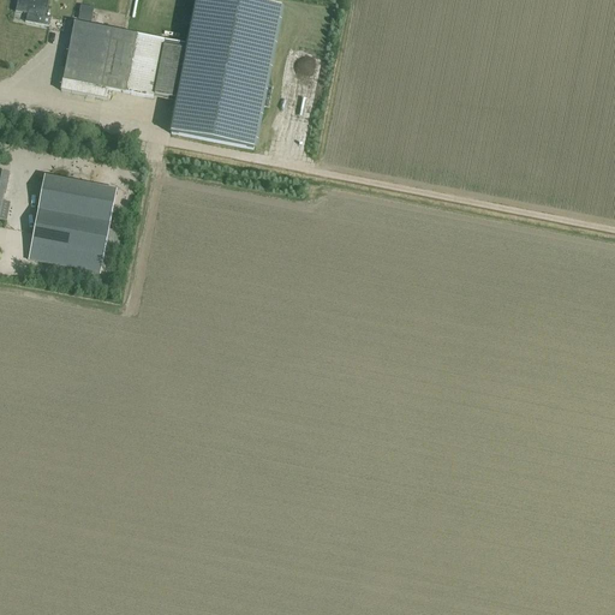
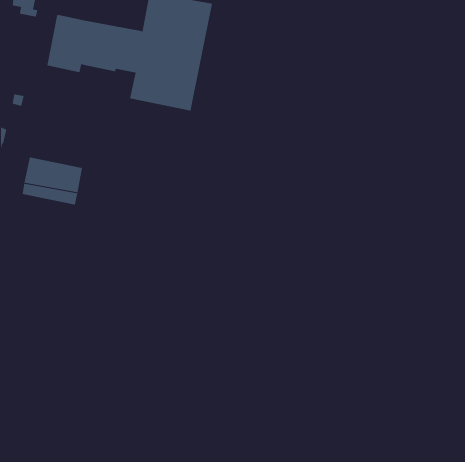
building: [38,172,117,221] -> none

